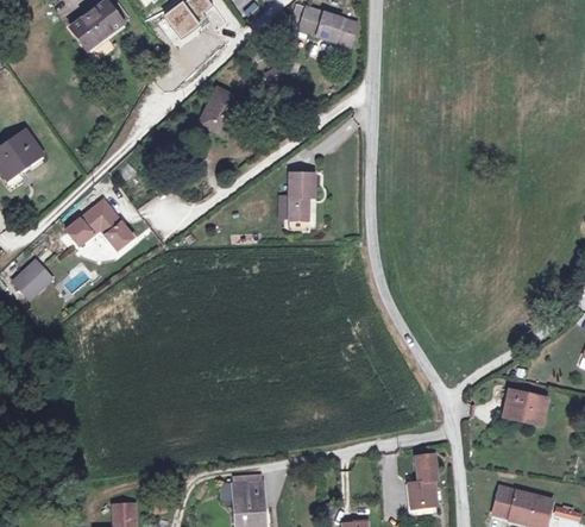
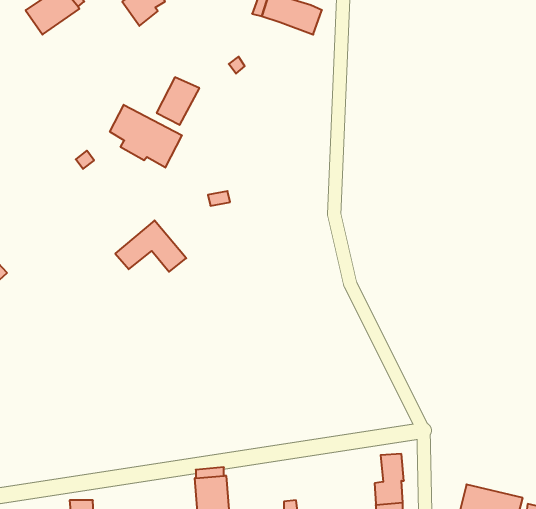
building: none -> [110,105,182,168]
building: [290,172,316,221] -> none
building: [65,200,134,250] -> [115,220,186,272]
building: [505,391,551,427] -> none

